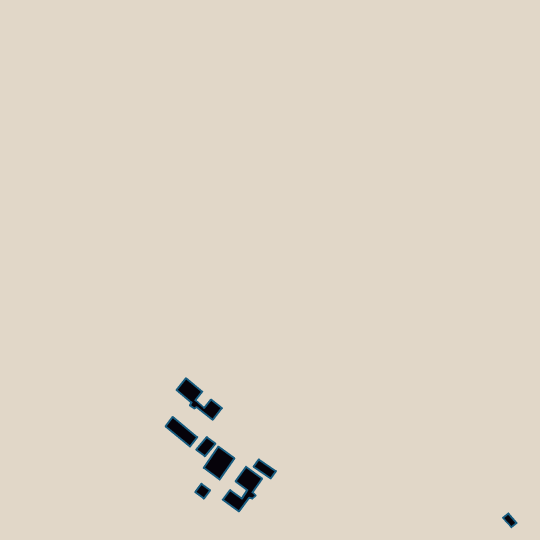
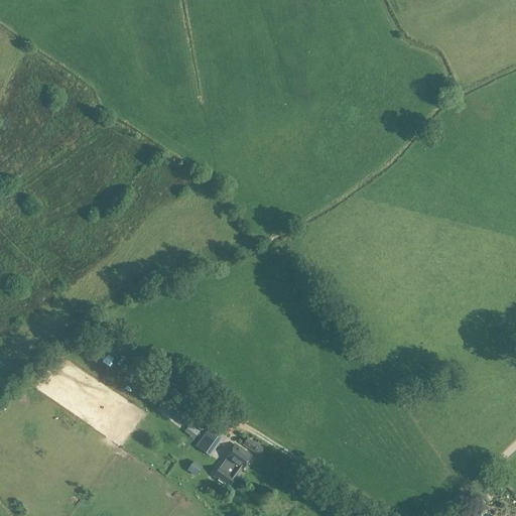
building: [177,378,222,420] -> none

